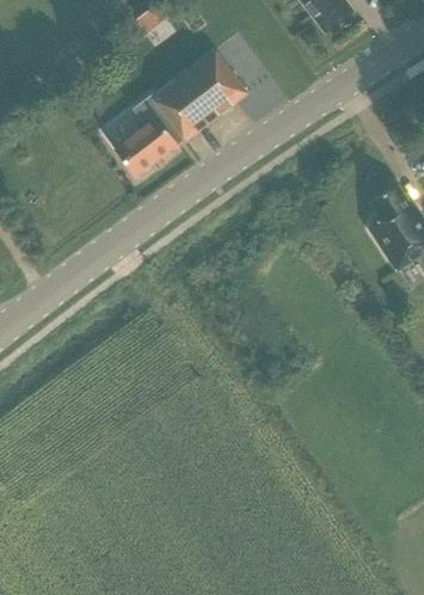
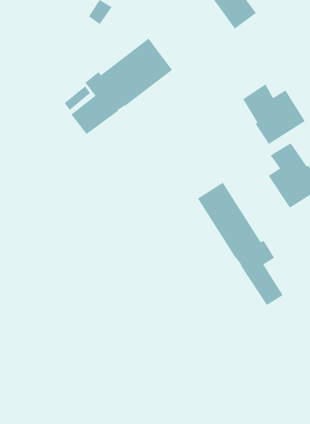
building: none -> [243,84,305,145]
building: none -> [197,182,283,306]

